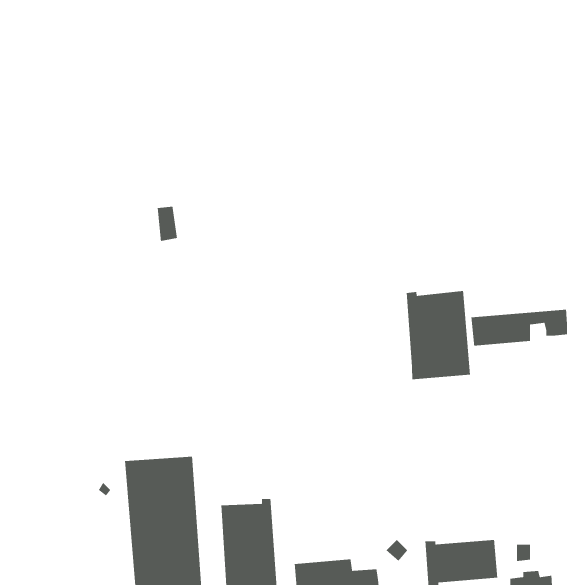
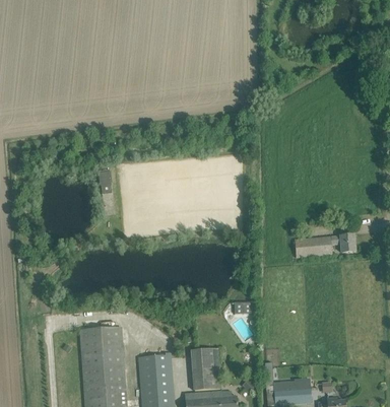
building: [406,290,471,380] -> none
building: none -> [191,347,220,389]

